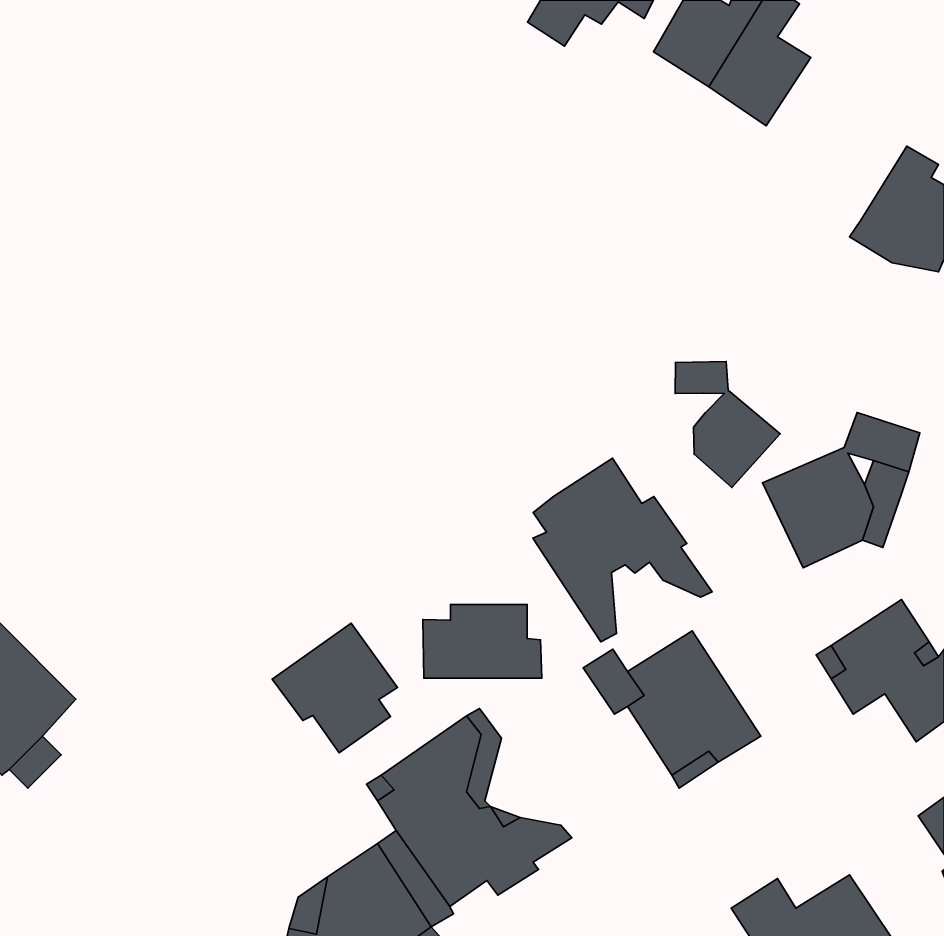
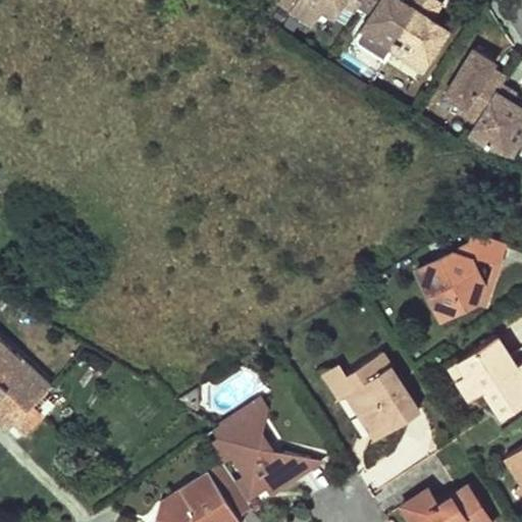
building: none -> [448,52,504,126]
building: [675,362,780,487] -> none
building: [533,458,712,642] -> none
building: [423,605,542,678] -> none
building: [272,623,398,753] -> none

